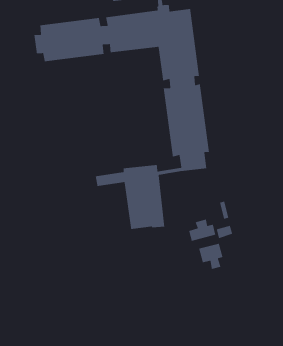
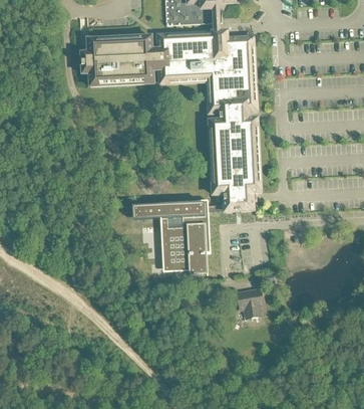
building: [188,219,216,242] -> none

